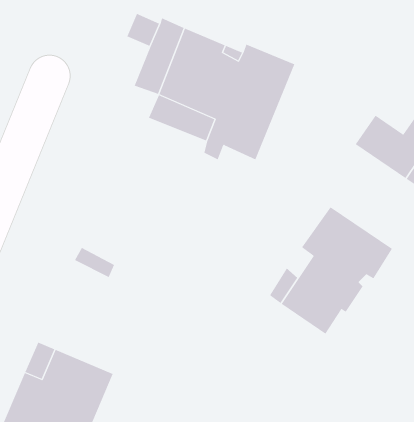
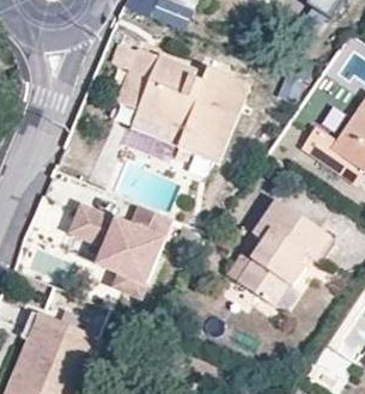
building: none -> [73,200,172,291]

